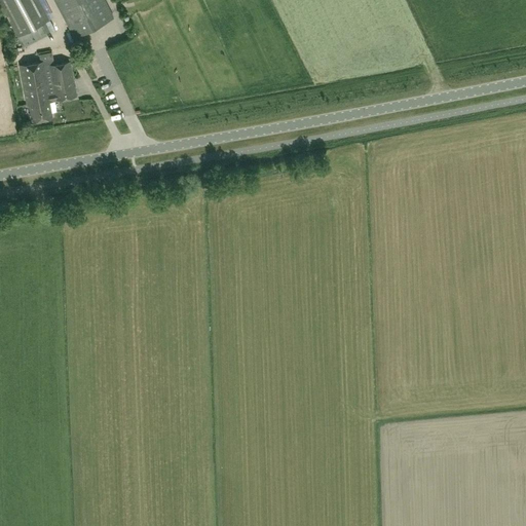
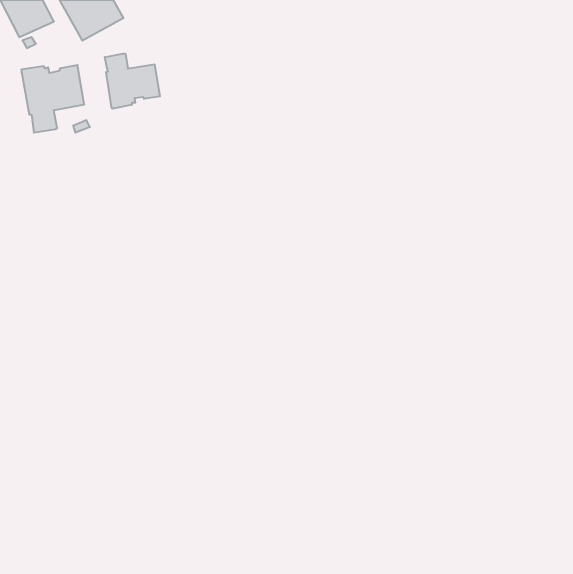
building: none -> [105,54,160,109]

